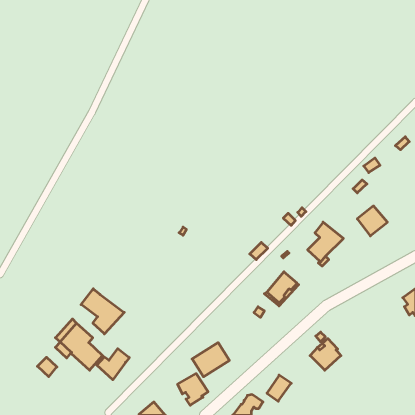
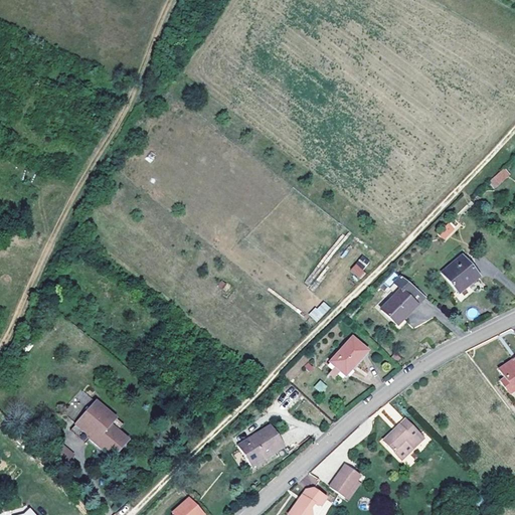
building: [81,289,124,334] -> none
building: [97,349,129,380] -> none
building: [178,374,208,405] -> none

